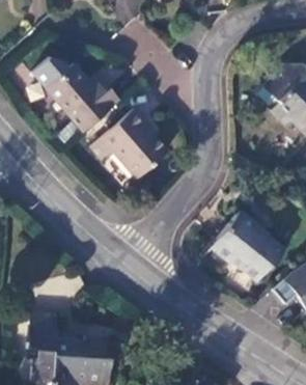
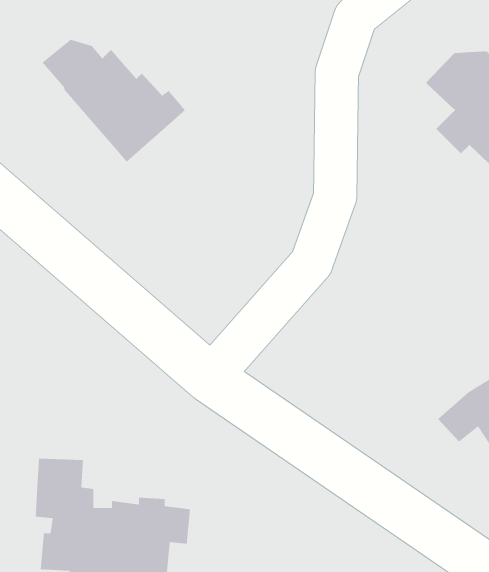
building: [91,109,168,180] -> none
building: [211,212,284,281] -> none

